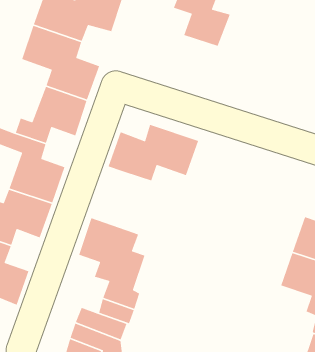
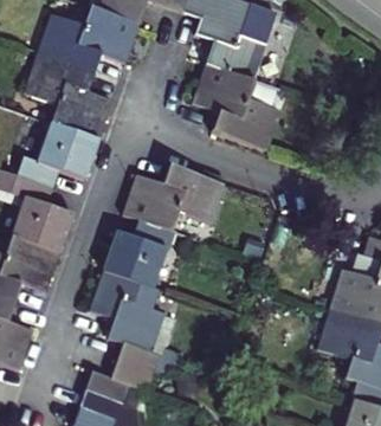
building: none -> [193,65,280,149]
building: none -> [103,219,175,286]

